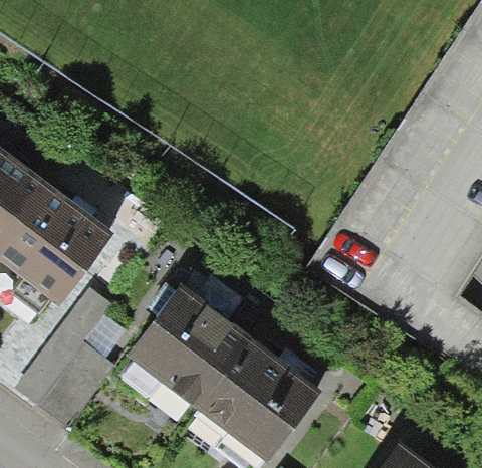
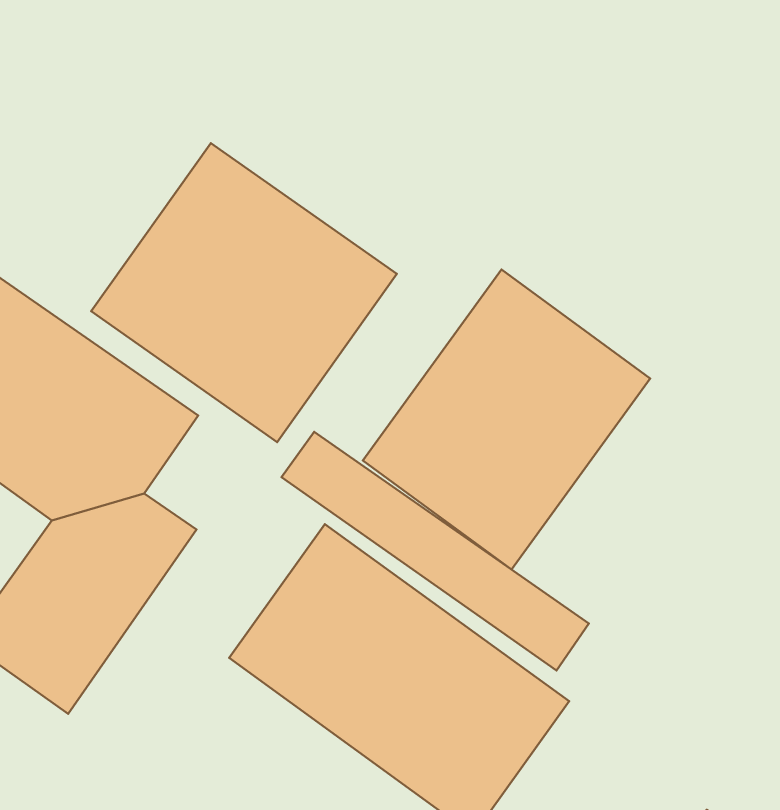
building: none -> [91,143,397,442]
building: none -> [363,269,650,570]

